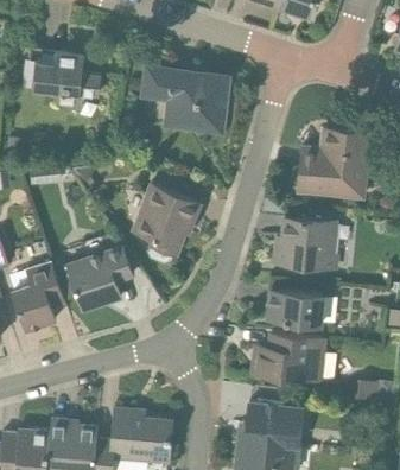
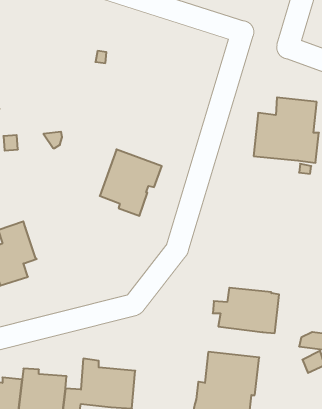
building: [32,51,101,103] -> none
building: [144,68,226,132] -> none
building: [274,216,338,269] -> none
building: [53,244,133,311] -> none
building: [267,288,325,325] -> none

